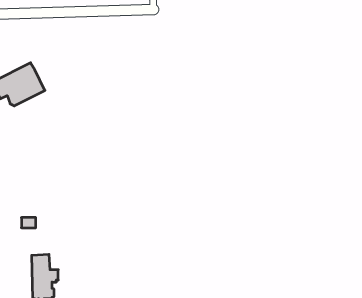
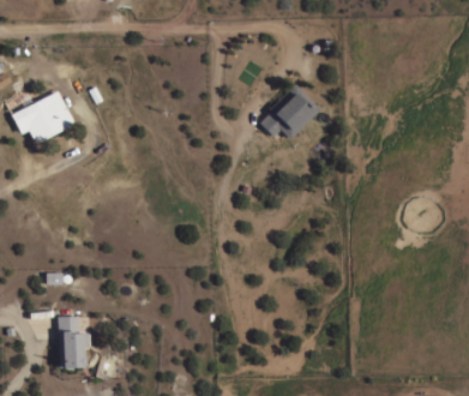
building: none -> [261,84,321,139]

